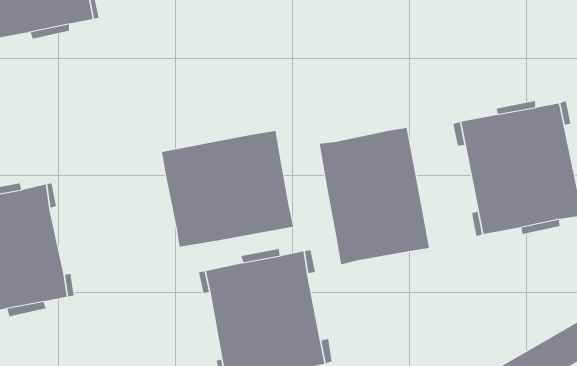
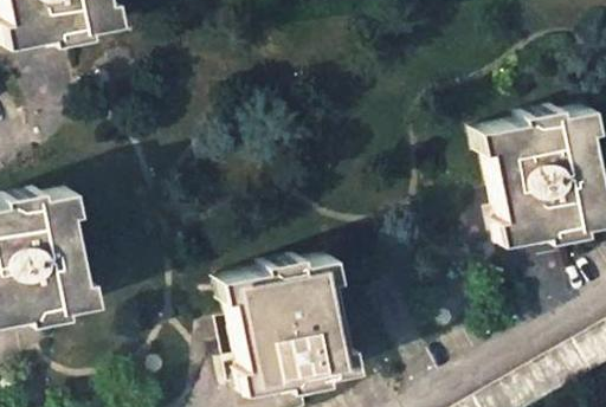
building: [319,127,429,265] -> none
building: [161,130,294,248] -> none

